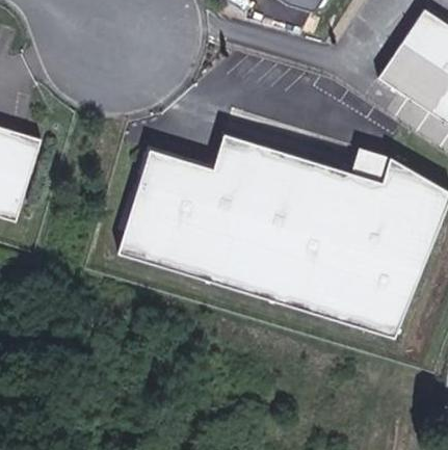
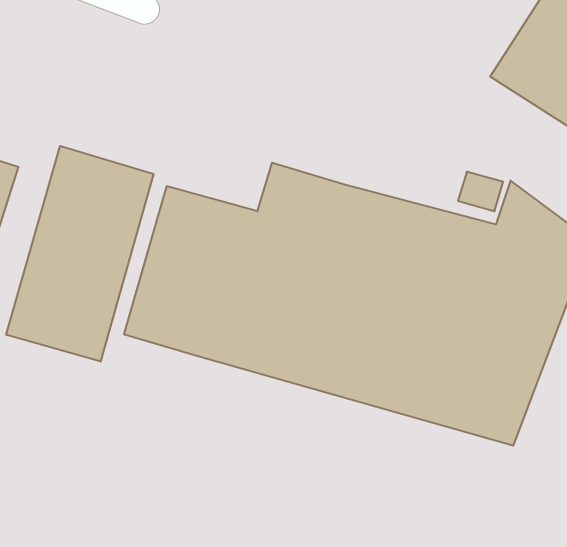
building: none -> [6,146,154,362]

